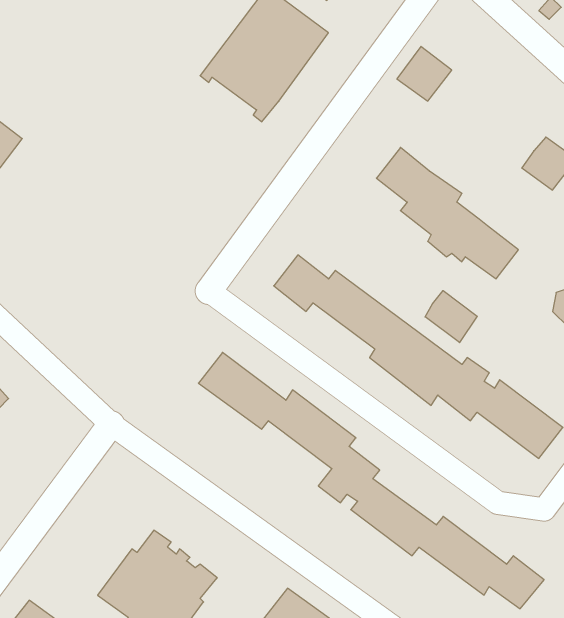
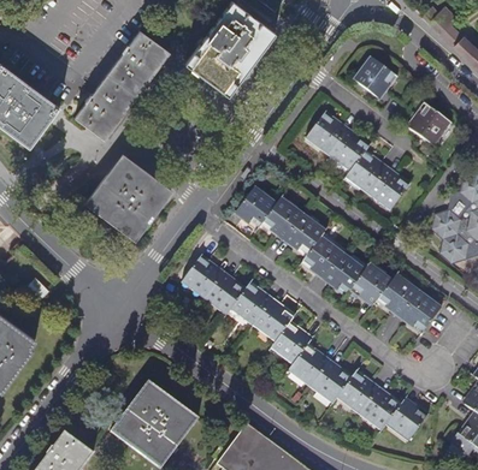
building: none -> [75,31,166,137]
building: [397,46,452,101] -> [356,59,395,97]
building: none -> [87,155,171,240]
building: [425,291,477,343] -> none

